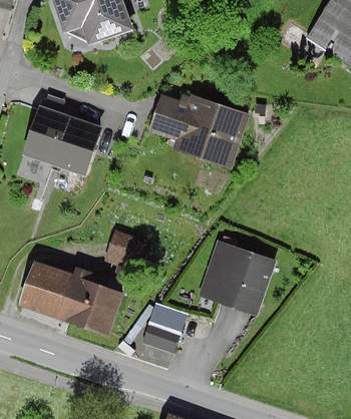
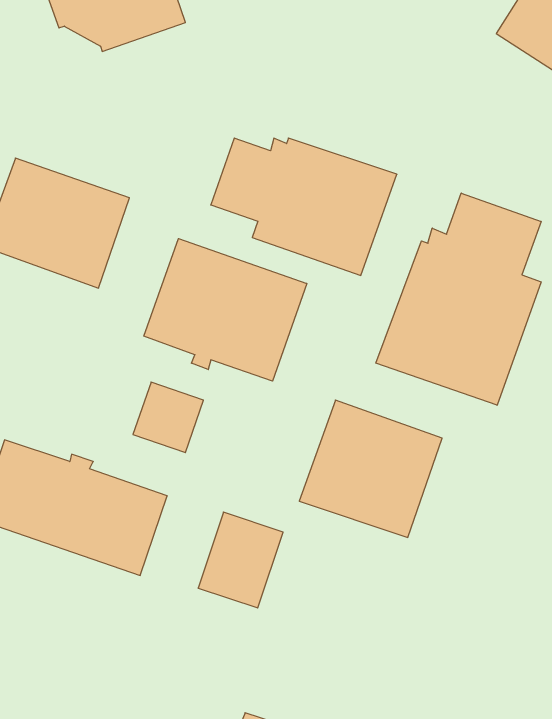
building: none -> [376,193,541,405]
building: none -> [144,239,307,381]

